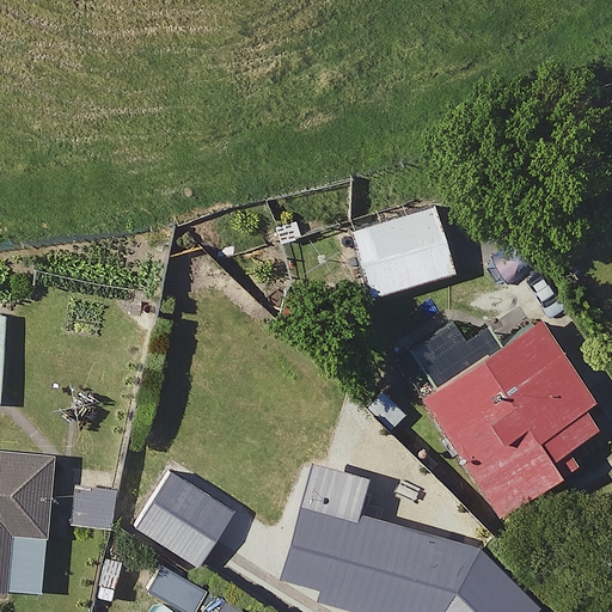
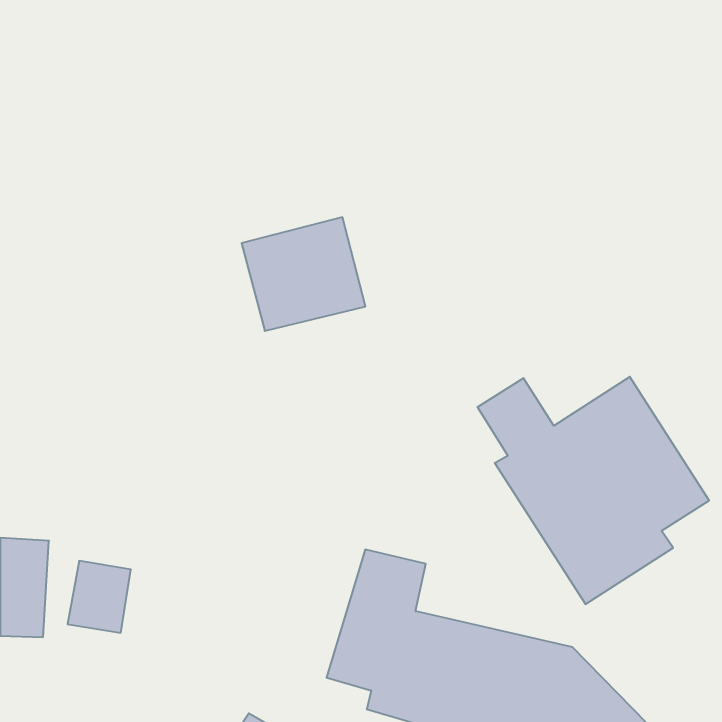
building: [349,204,452,299] -> [242,217,365,331]
building: [136,473,235,571] -> none

